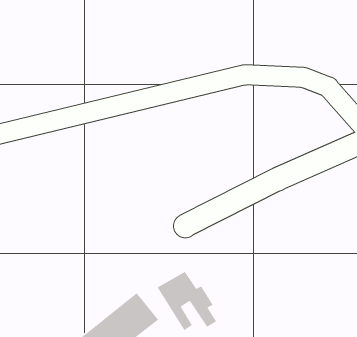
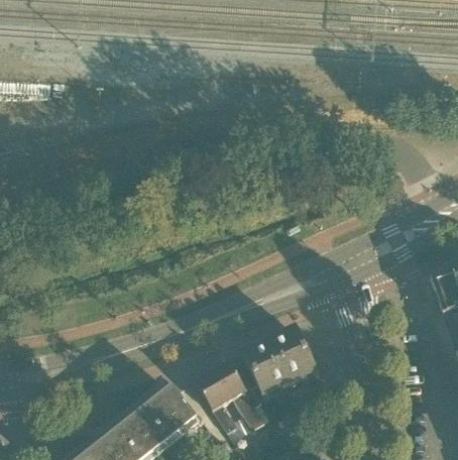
building: none -> [244,325,316,390]

